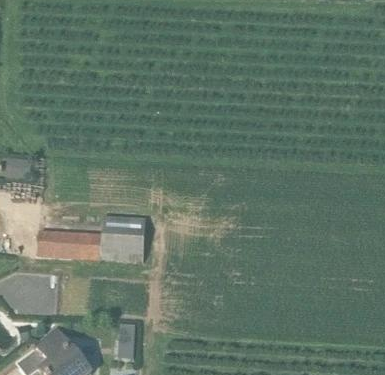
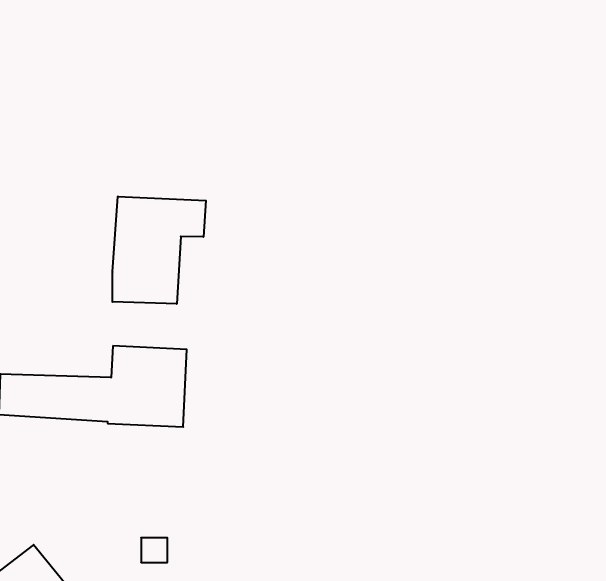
building: none -> [112,196,206,304]

